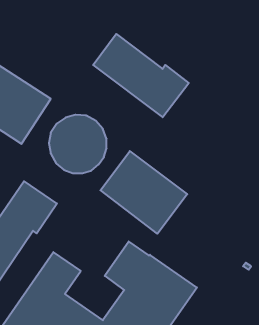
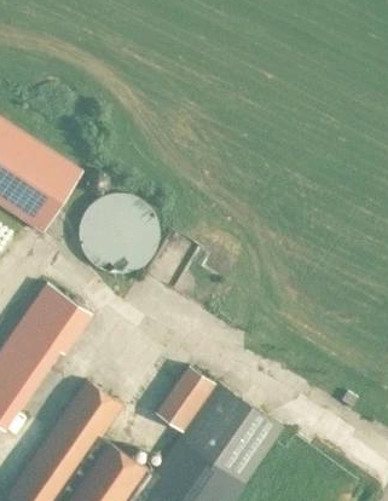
building: [93,34,189,117] -> none
building: [100,151,187,234] -> none

